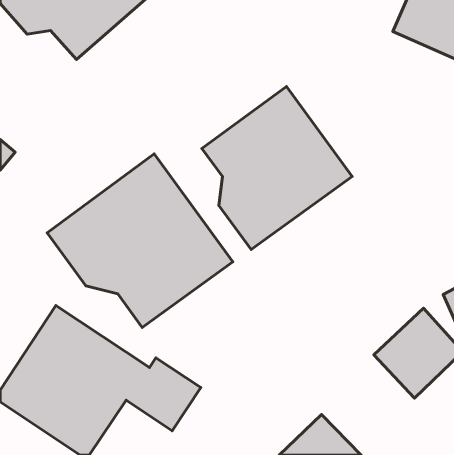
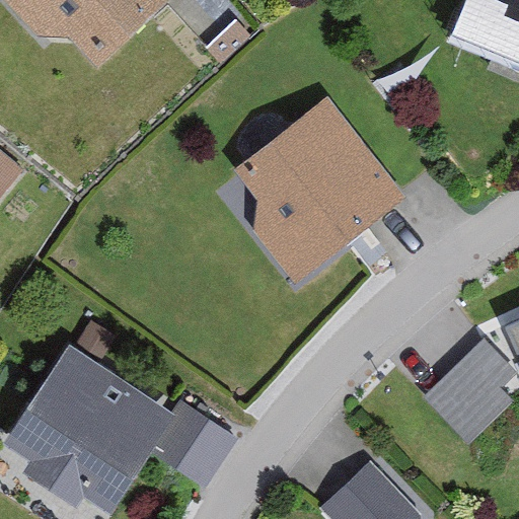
building: [47,154,233,327] -> none

